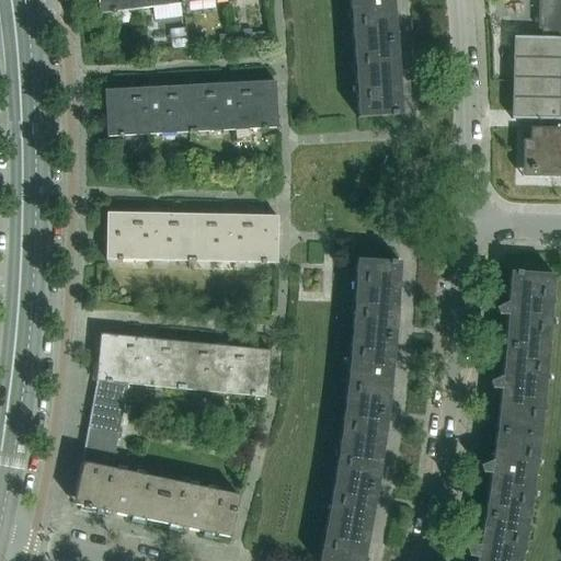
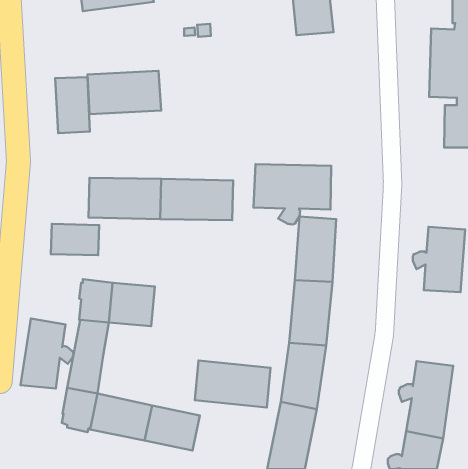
building: [356,38,404,116] -> none
building: [192,80,280,131] -> none
building: none -> [55,77,90,133]
building: none -> [254,164,331,224]
building: none -> [51,224,99,255]
building: [183,341,273,397] -> [195,360,270,407]
building: [488,345,551,435] -> none
building: none -> [20,318,74,389]

